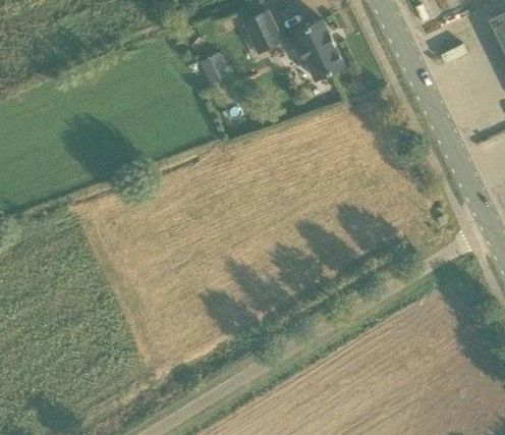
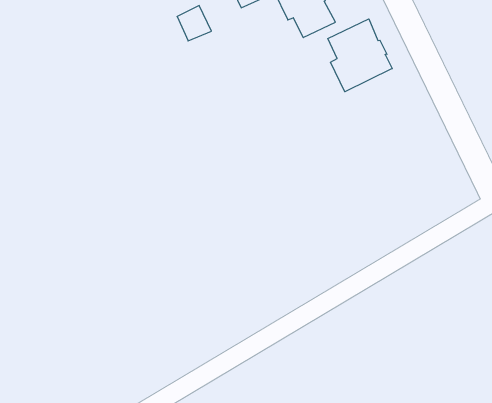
building: none -> [328,19,392,92]

